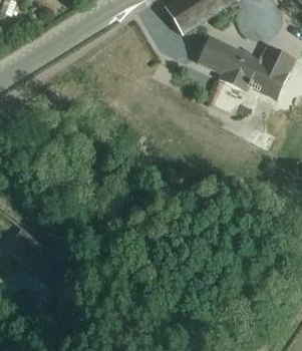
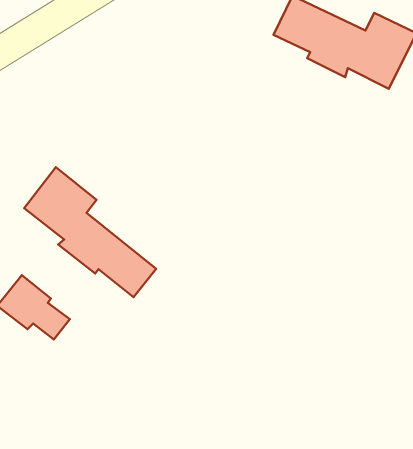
building: none -> [24,167,156,297]

